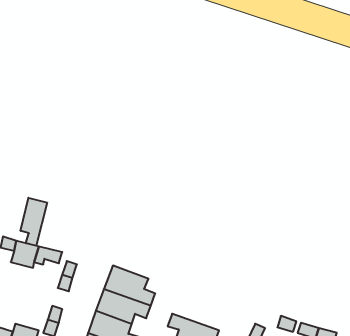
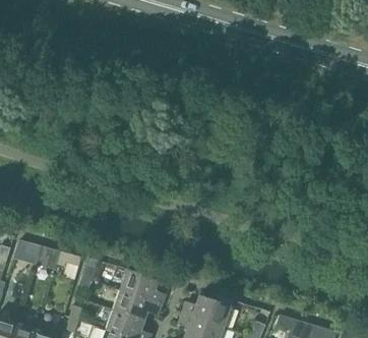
building: [21,198,47,246] -> none
building: none -> [181,294,232,327]

